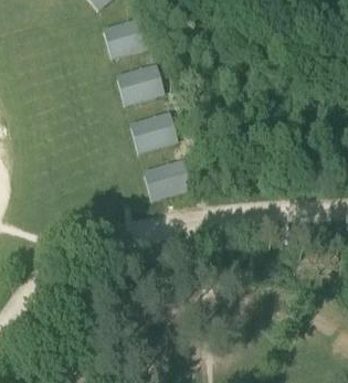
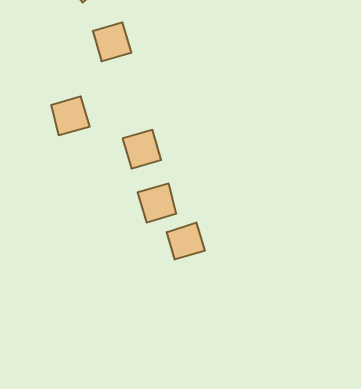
building: [123,68,157,103] -> [51,96,90,135]
building: none -> [167,222,205,260]

